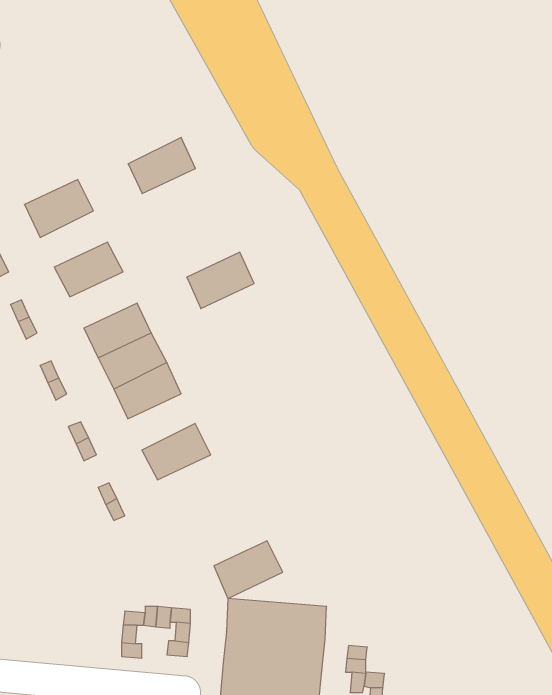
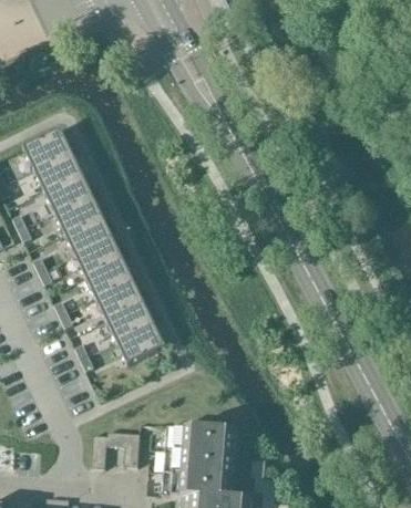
building: [128,137,195,194] -> [34,151,82,190]
building: [187,252,254,309] -> [55,194,103,234]
building: none -> [96,280,144,320]
building: [214,541,283,599] -> [117,323,166,364]

